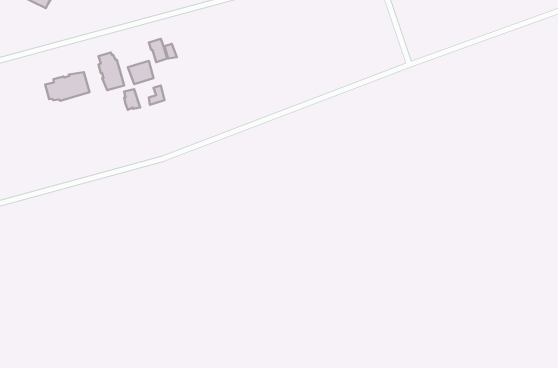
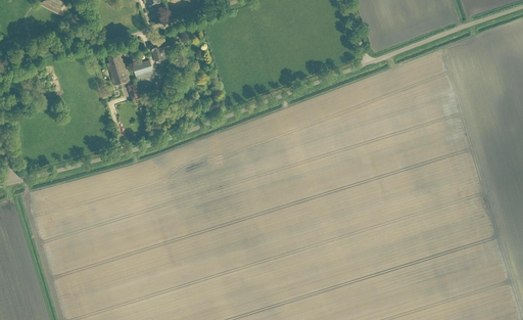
building: [45,72,90,101] -> none

